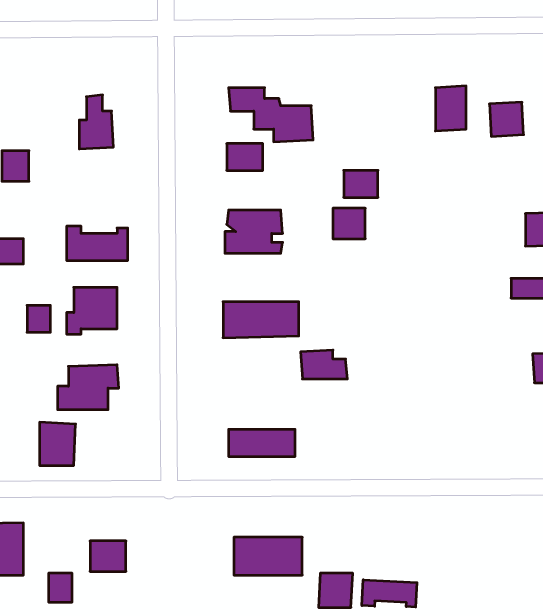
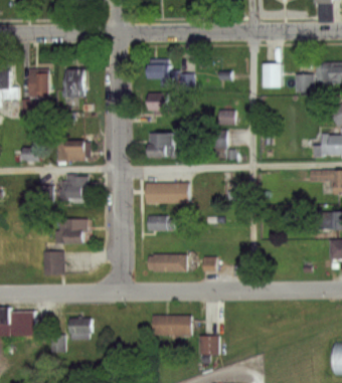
building: none -> [29,69,48,97]
building: [301,350,347,379] -> [147,214,173,230]
building: [362,580,417,607] -> none

